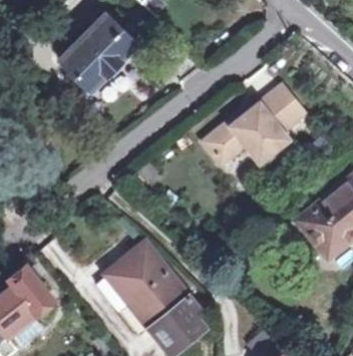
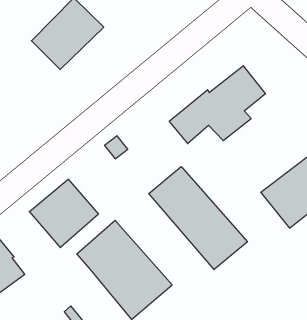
building: none -> [149,167,247,270]
building: none -> [29,179,98,248]

